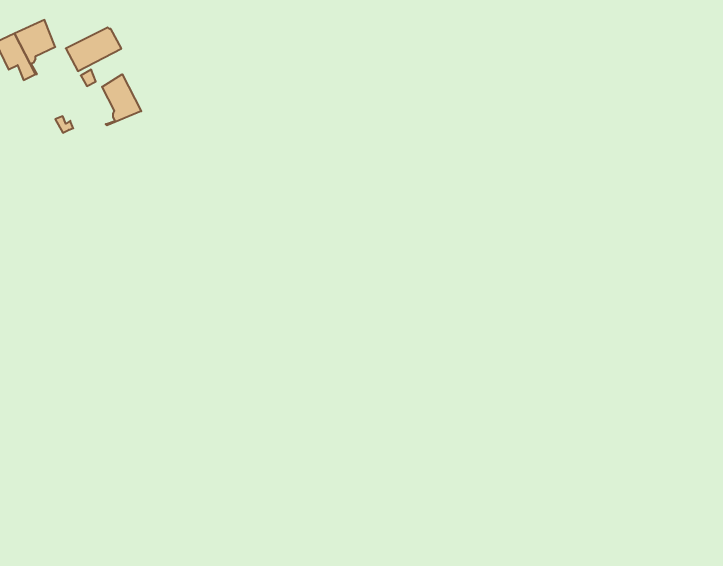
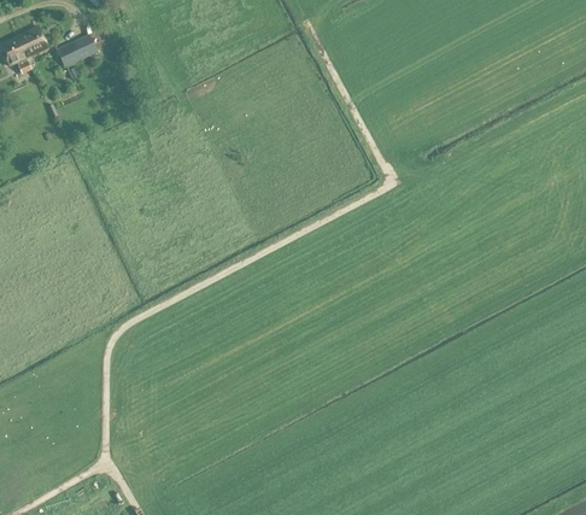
building: [102,74,141,125] -> none

